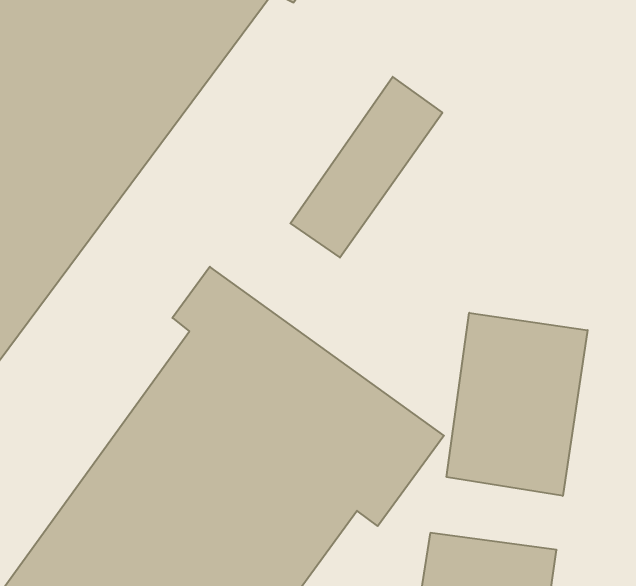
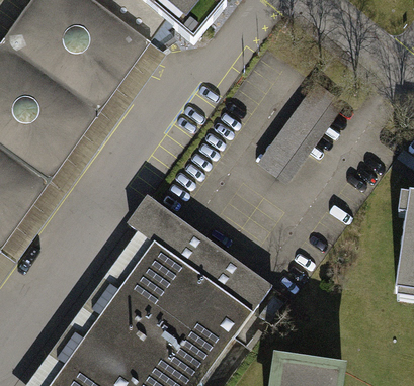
building: [290,77,442,258] -> [255,77,345,184]
building: [447,313,588,496] -> none

